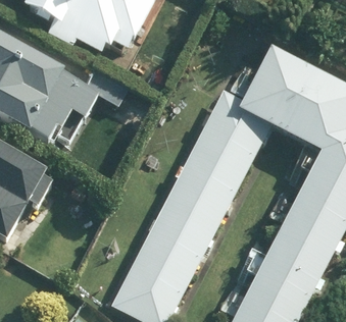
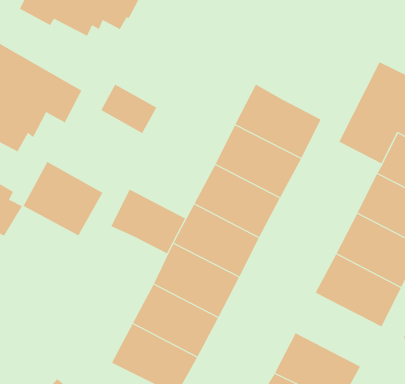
building: [250,45,325,130] -> none
building: none -> [23,161,103,236]
building: none -> [110,189,186,254]
building: [259,248,327,305] -> none

